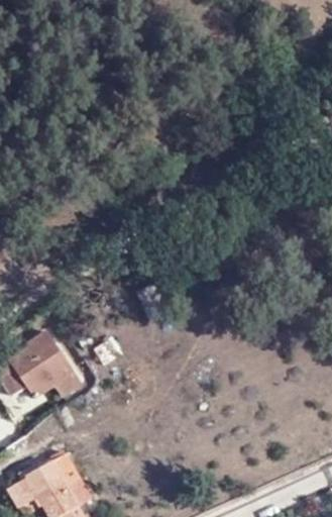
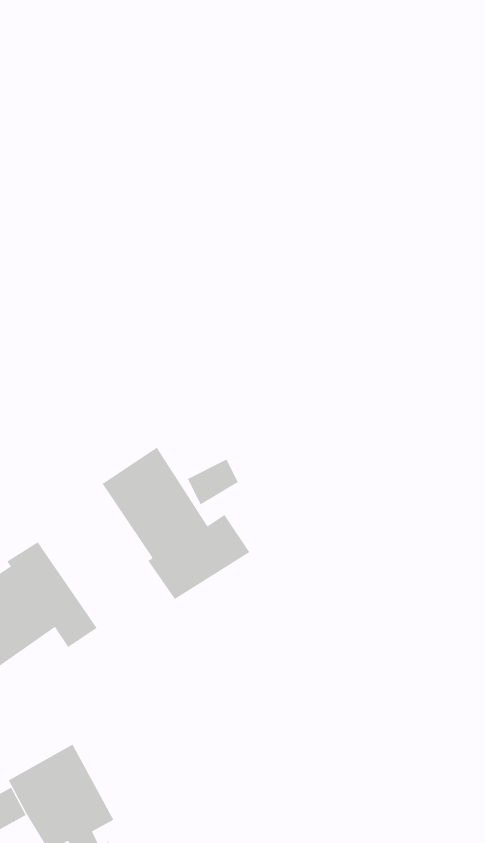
building: none -> [102,447,250,600]

